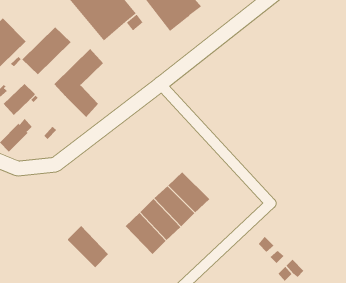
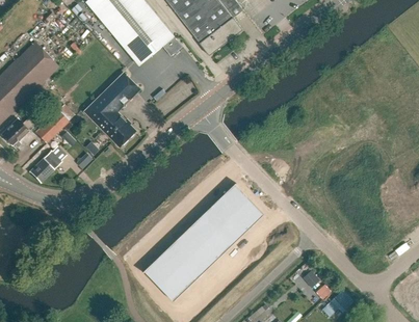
building: [21,27,71,75] -> none
building: none -> [221,187,265,231]
building: [67,225,109,268] -> [147,259,190,303]

